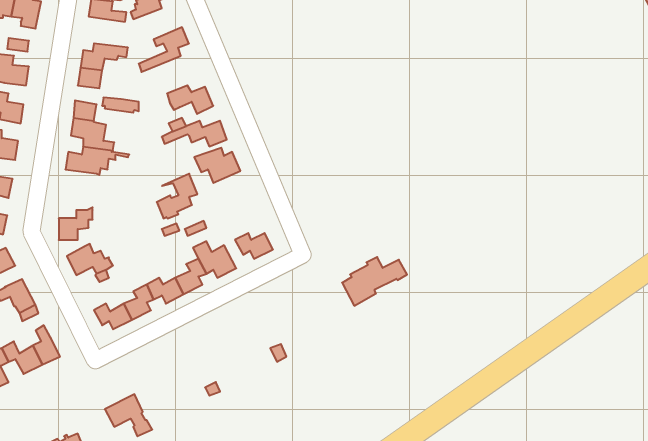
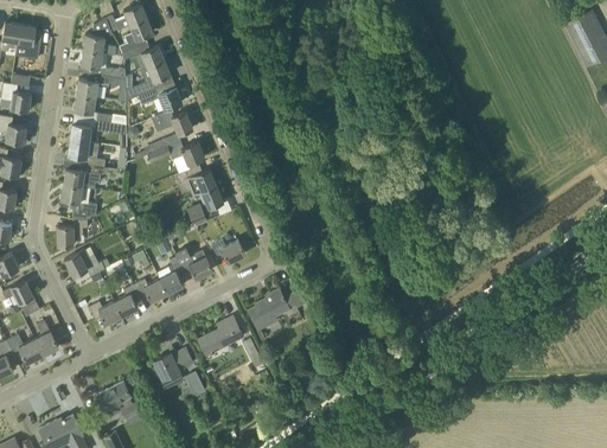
building: none -> [122,43,165,70]
building: none -> [81,50,126,78]
building: none -> [129,84,181,110]
building: none -> [60,184,97,219]
building: [157,174,197,218] -> [187,185,223,224]
building: [342,257,407,306] -> [248,288,305,331]
building: none -> [198,316,243,354]
building: none -> [147,347,193,386]

